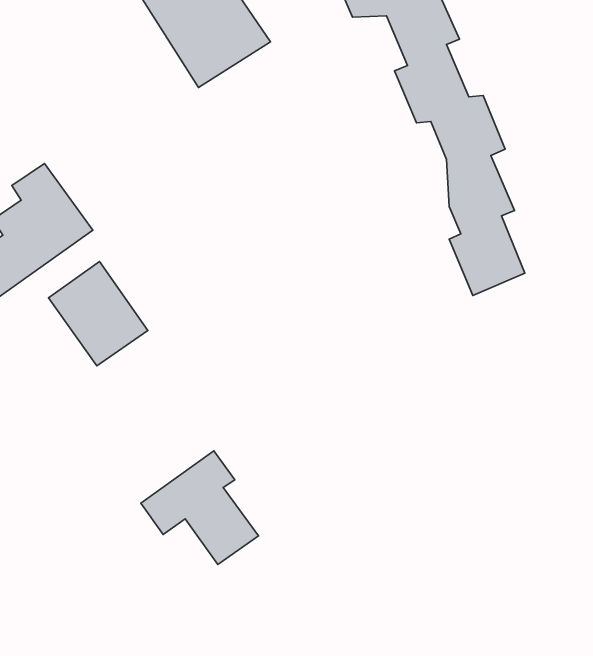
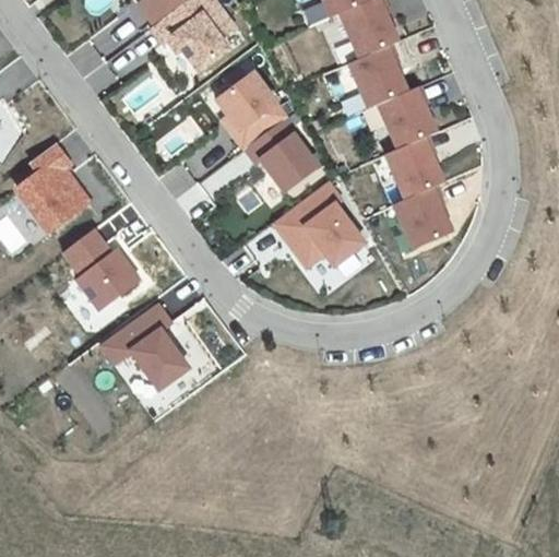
building: none -> [215,70,320,197]
building: none -> [269,180,370,271]
building: [141,451,258,565] -> [95,297,193,392]

